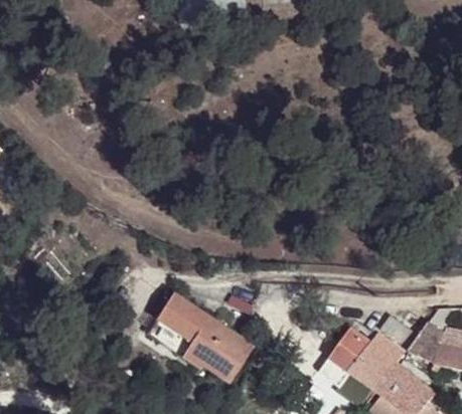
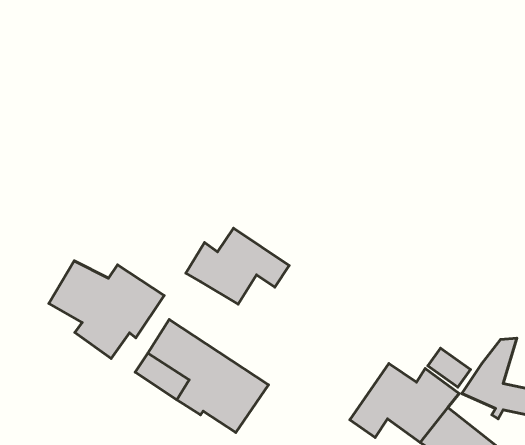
building: none -> [186,228,289,304]
building: none -> [49,261,164,359]

